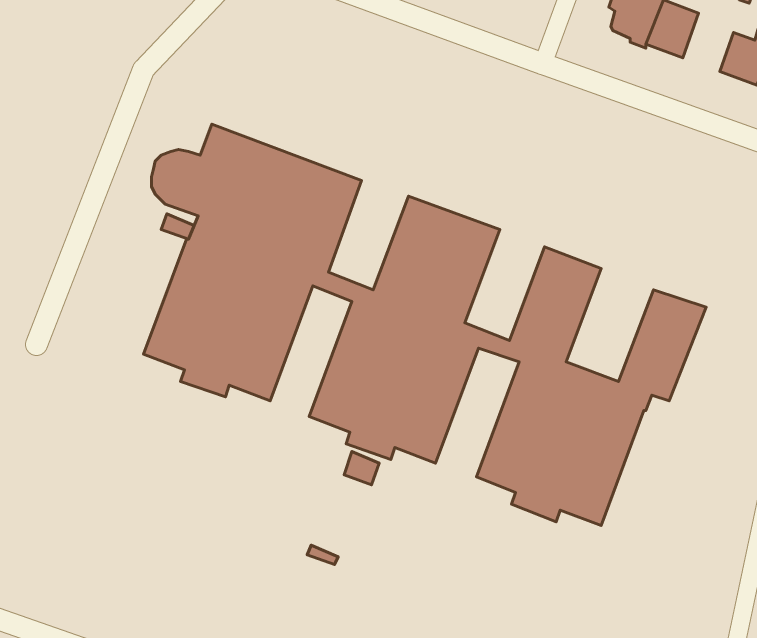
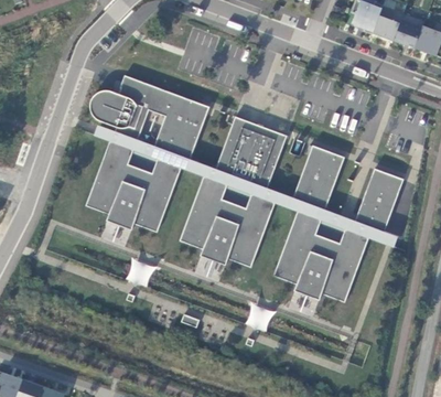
building: none -> [390,12,421,46]

